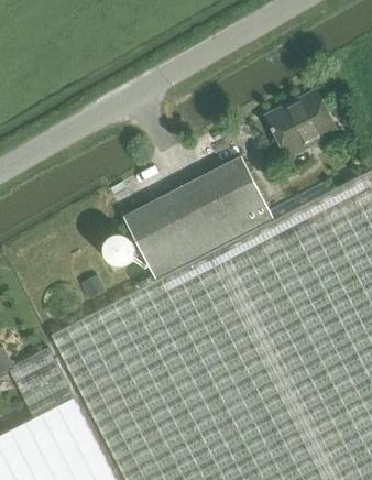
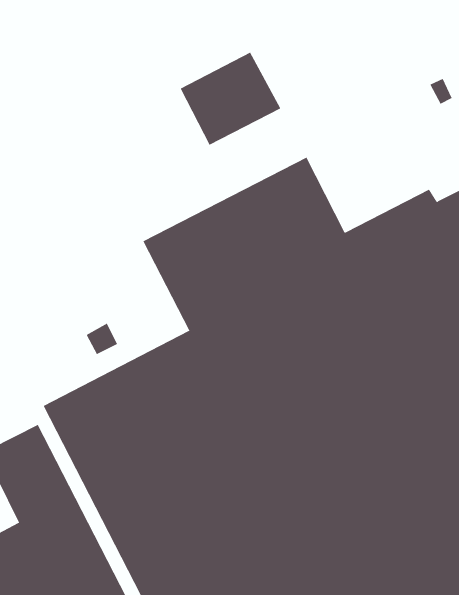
building: [266,91,339,159] -> [180,52,281,145]

